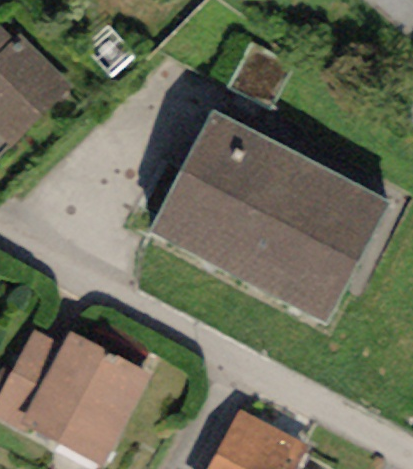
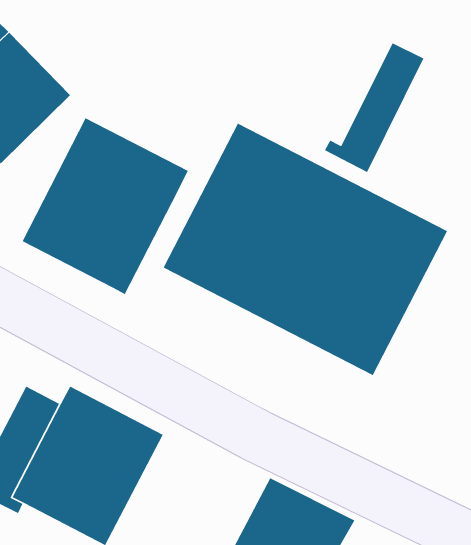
building: none -> [324,42,424,173]
building: none -> [21,117,189,295]

